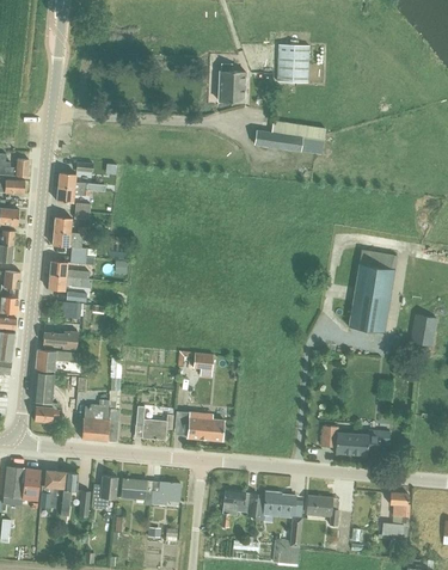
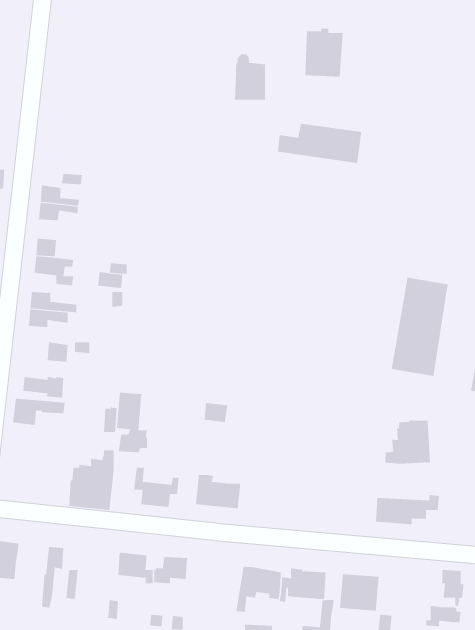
building: none -> [385,420,431,465]
building: [32,372,59,422] -> [116,392,148,453]
building: [41,470,65,508] -> none
building: [91,476,117,509] -> none

